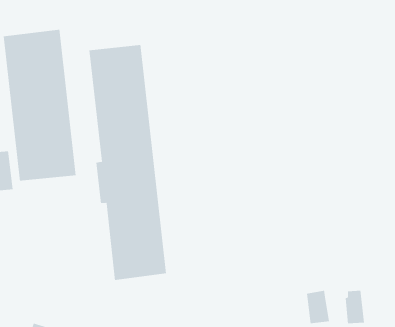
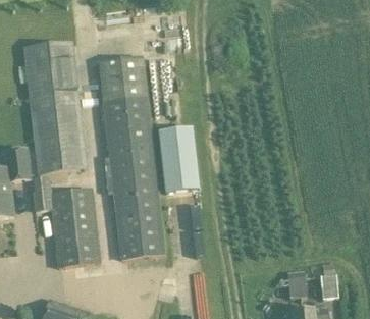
building: none -> [159,125,200,192]
building: none -> [32,175,100,267]

